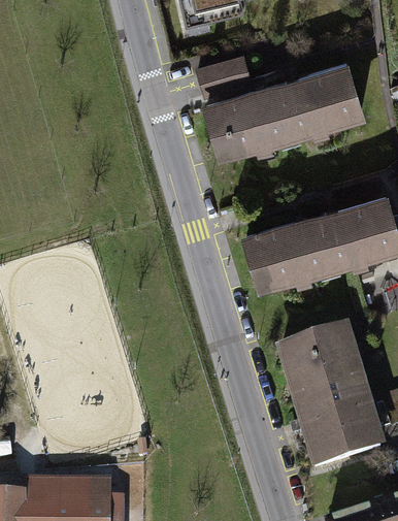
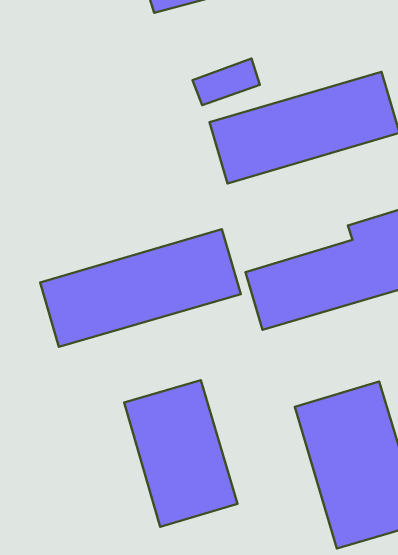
building: none -> [40,229,241,347]
building: none -> [124,380,237,527]

